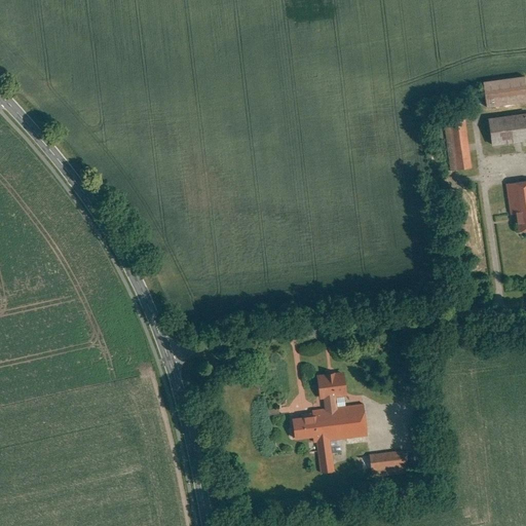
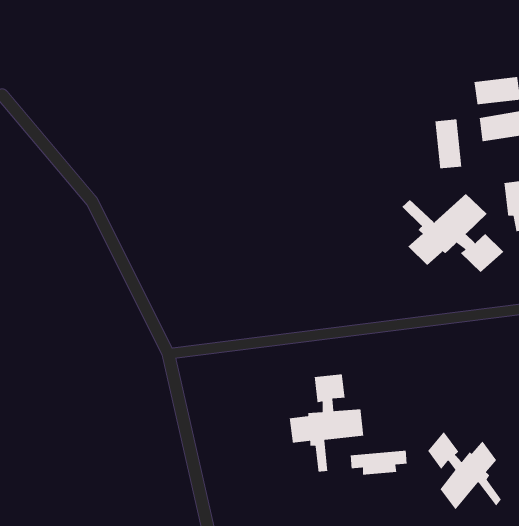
building: none -> [401,193,504,273]
building: none -> [427,431,502,510]

